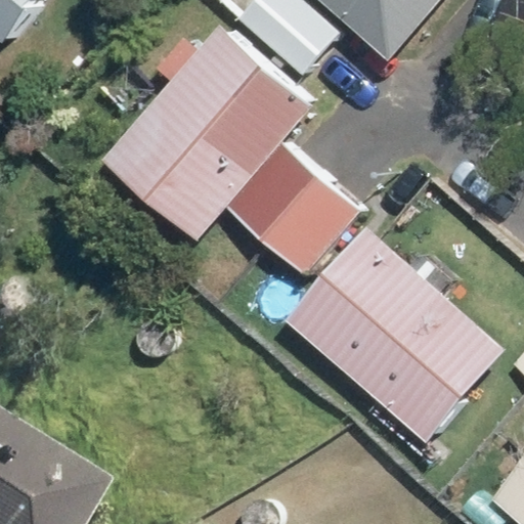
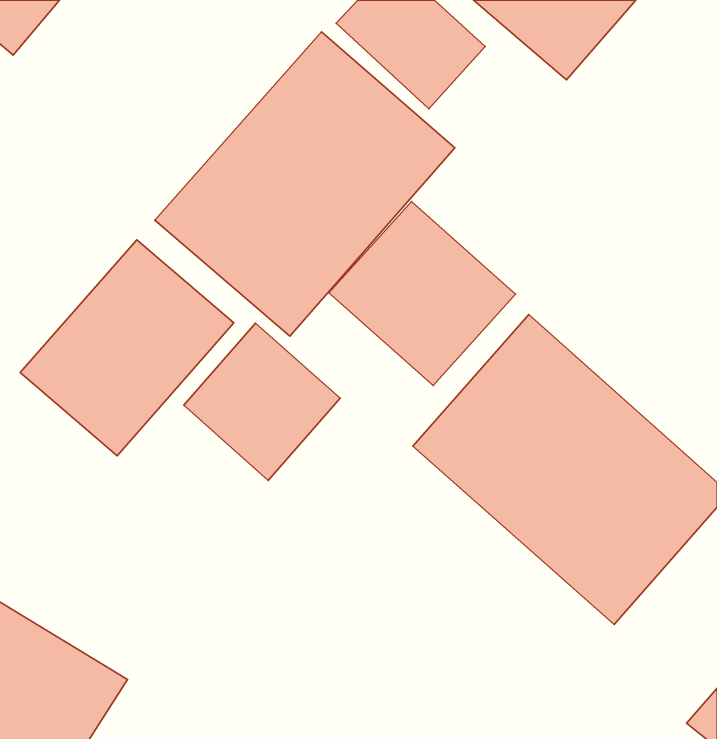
building: none -> [20,240,234,456]
building: none -> [184,323,340,480]

